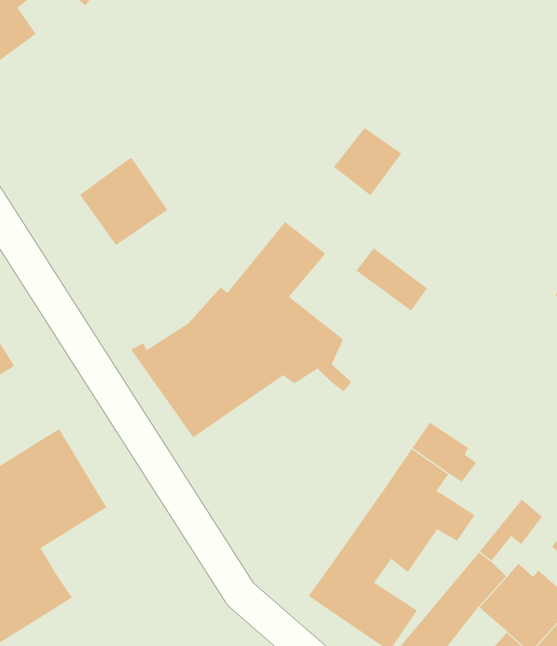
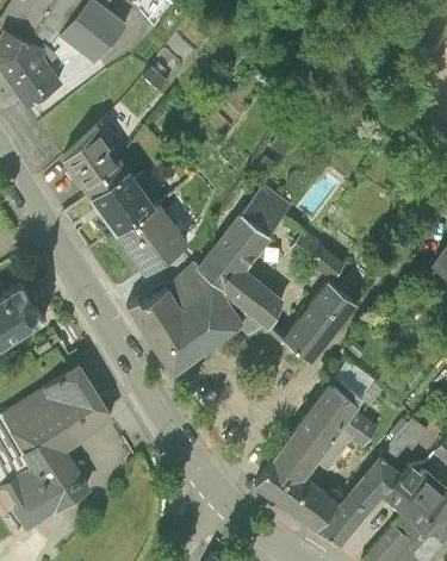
building: none -> [64,135,128,198]
building: [333,127,402,196] -> [241,188,291,238]
building: none -> [118,205,188,274]
building: none -> [284,285,355,362]

